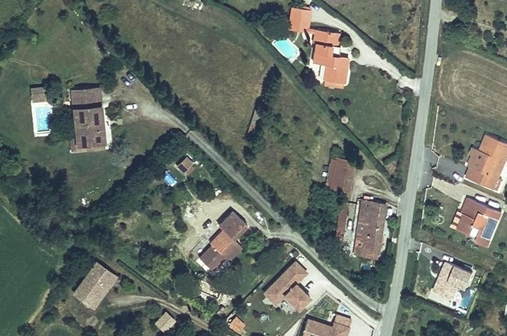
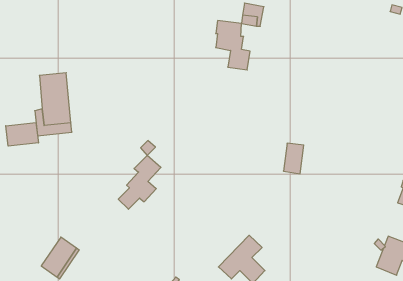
building: [315,34,352,87] -> [216,21,250,70]
building: none -> [6,123,38,146]
building: [349,199,382,259] -> none
building: [204,212,250,270] -> [118,155,161,209]

